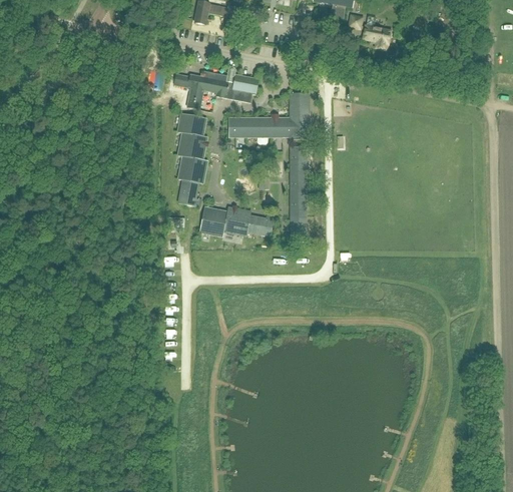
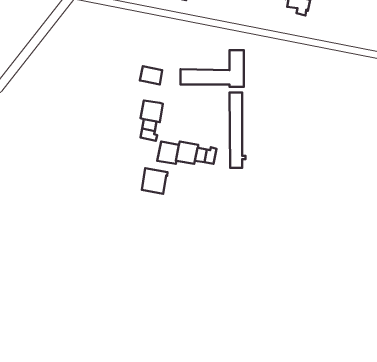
building: [173,65,259,108] -> none
building: [177,131,206,158] -> none
building: none -> [142,168,167,194]

